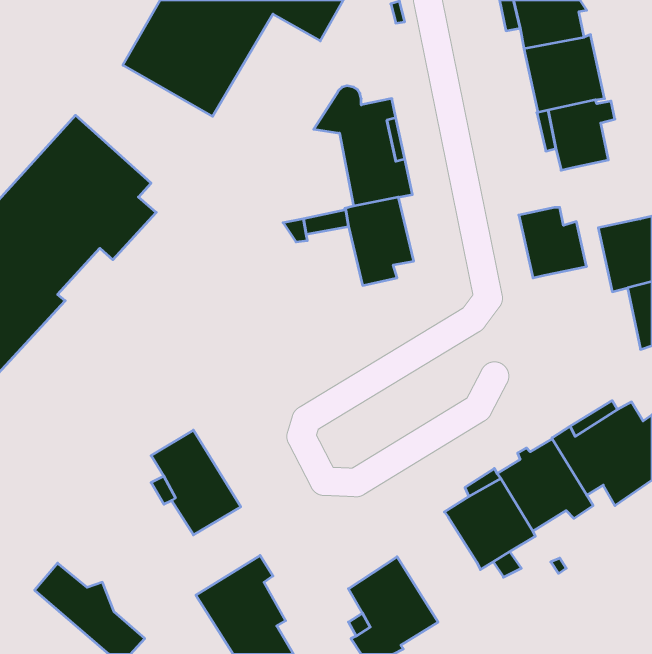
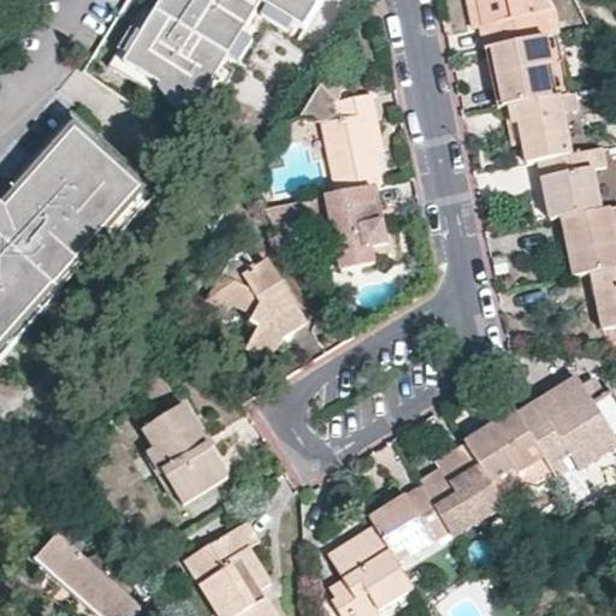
building: [519,207,587,278] -> [538,150,602,217]
building: none -> [208,251,304,359]
building: none -> [371,486,448,562]

